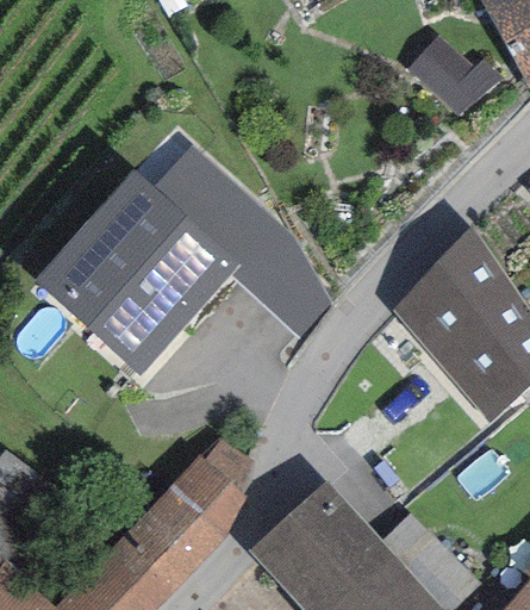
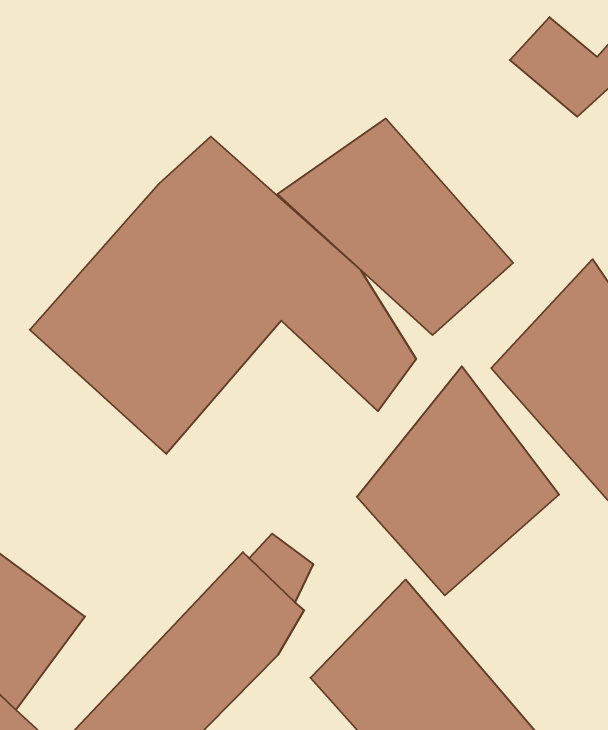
building: none -> [277,119,513,335]
building: none -> [357,366,559,595]

